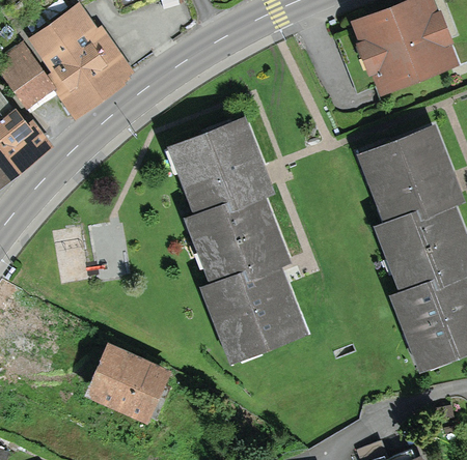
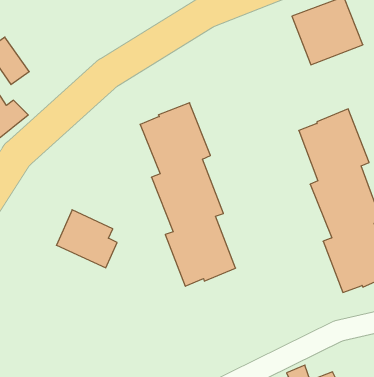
building: [39,18,125,111] -> none
building: [97,348,169,418] -> [56,210,117,268]

